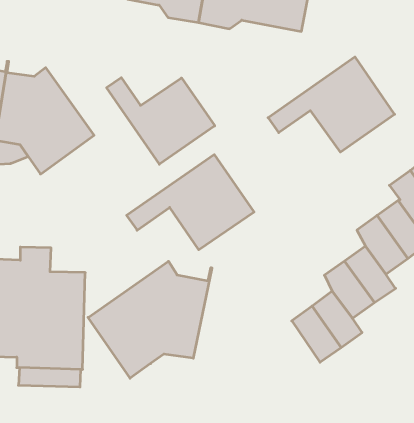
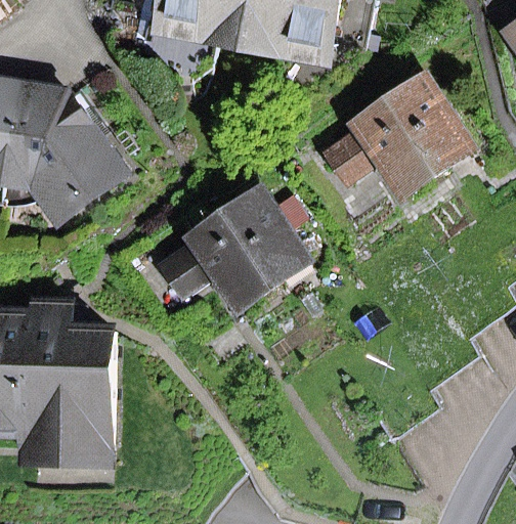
building: [107,78,215,164] -> none
building: [88,261,212,378] -> none

